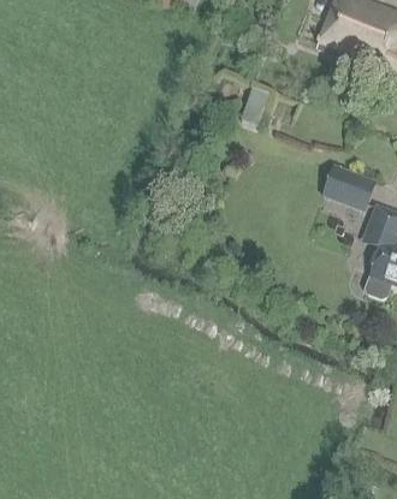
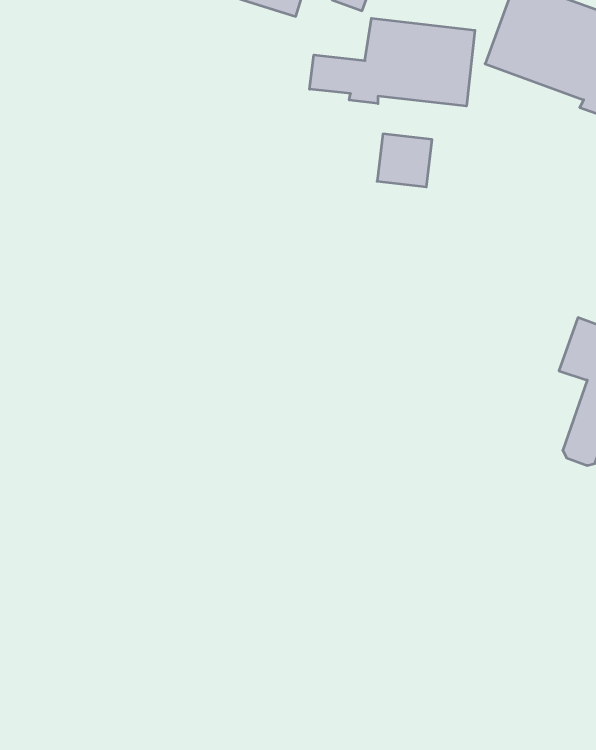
building: none -> [310,18,475,106]
building: [319,162,374,209] -> none

